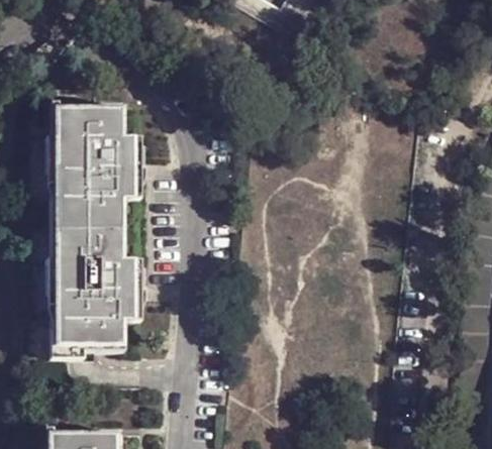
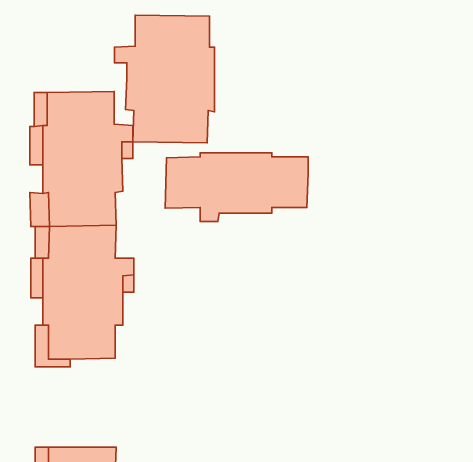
building: none -> [114,15,214,143]
building: none -> [165,153,308,221]

